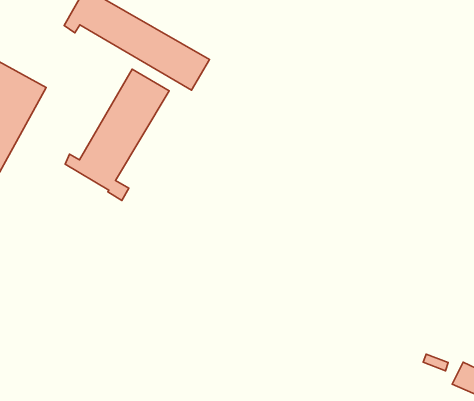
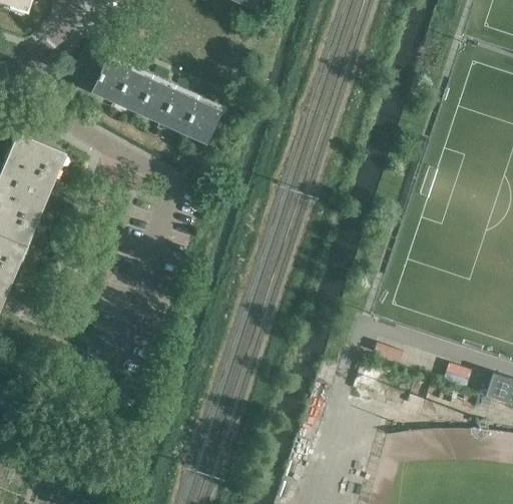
building: [65,69,169,200] -> none

